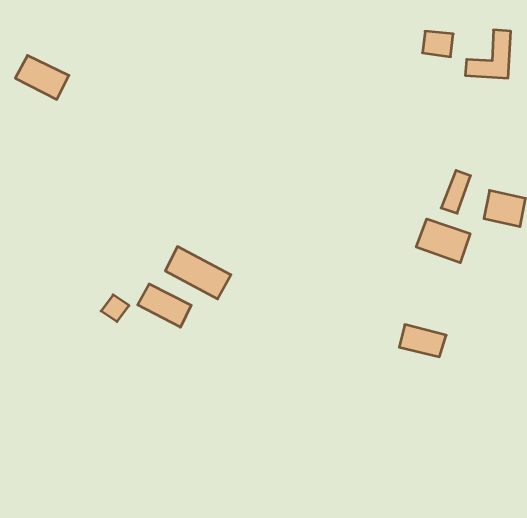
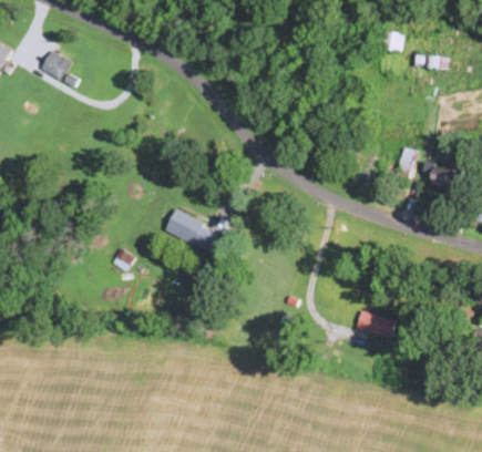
building: [416,219,470,263] -> none
building: [138,284,191,327] -> none
building: [399,325,446,357] -> [356,310,394,337]

